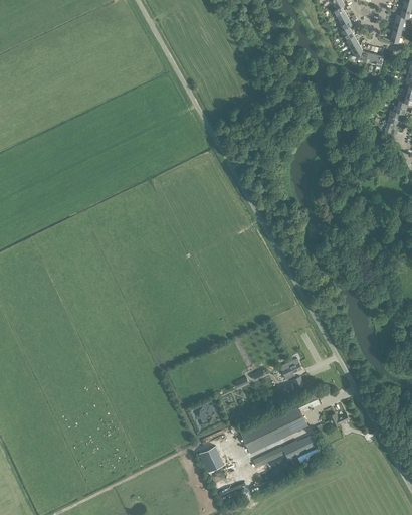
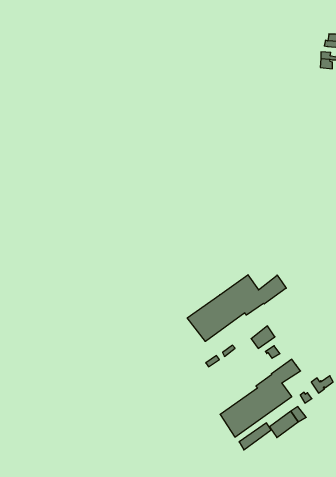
building: none -> [187,275,286,341]
building: [198,446,223,473] -> none

